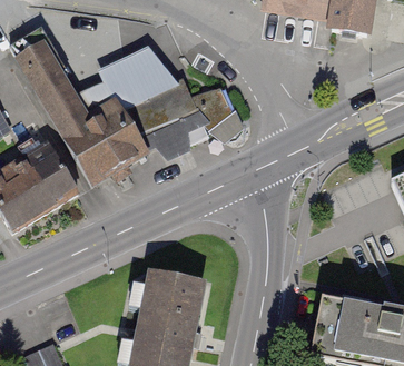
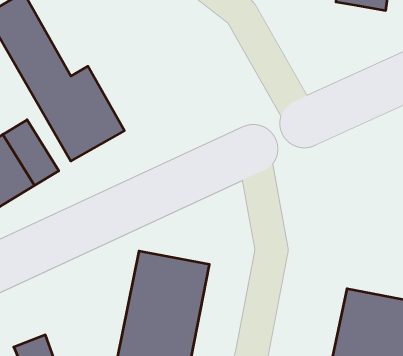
building: [101,42,215,159] -> none

